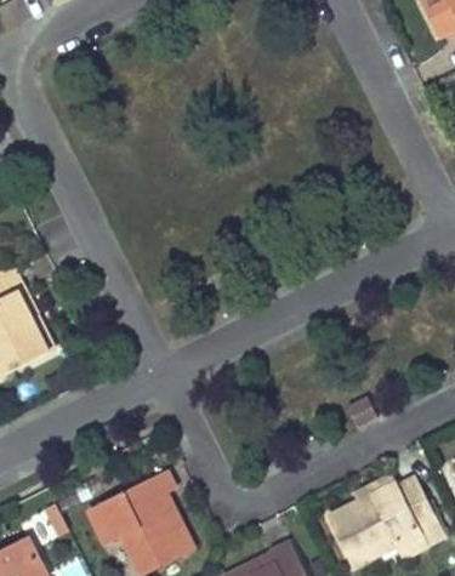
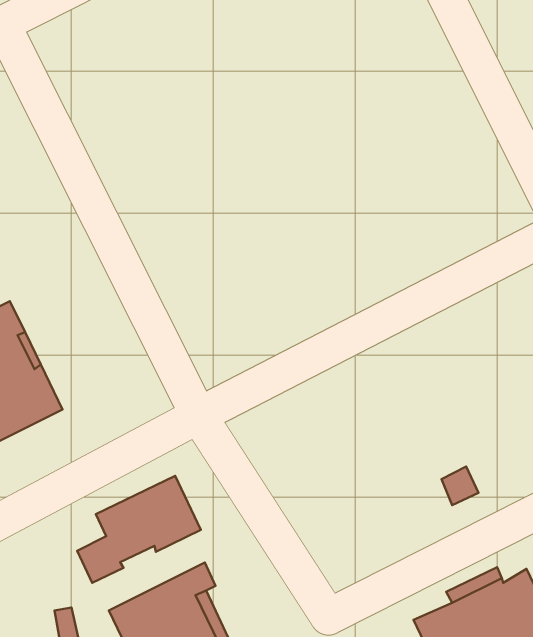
building: none -> [77,476,201,583]

